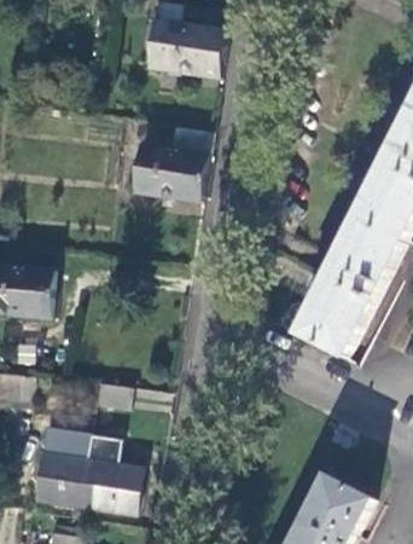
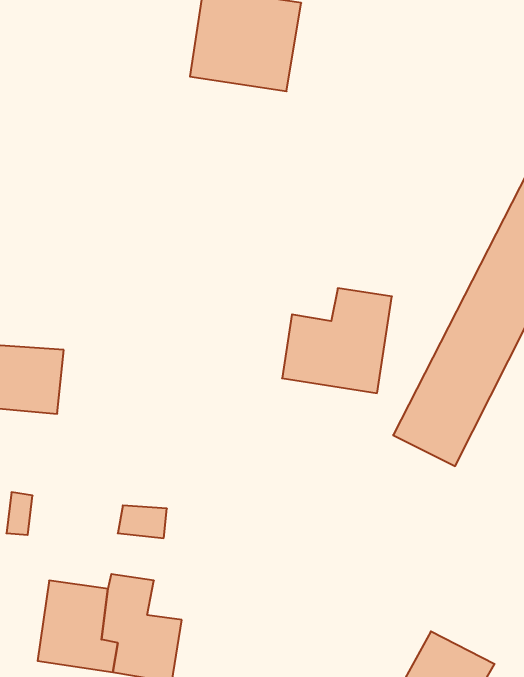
building: [130,127,211,204] -> [282,288,392,393]

